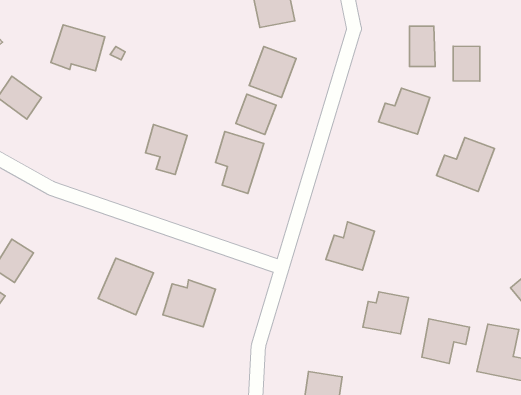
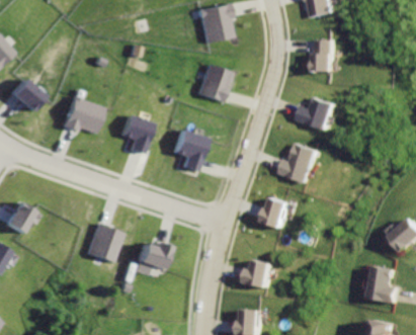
building: [51,25,105,71] -> [55,100,95,135]
building: [453,46,480,81] -> none
building: [236,94,276,134] -> none
building: [436,138,494,192] -> [272,140,316,180]
building: [363,292,409,334] -> [236,254,270,285]
building: [422,319,470,364] -> none

